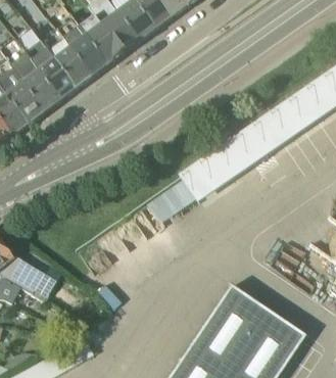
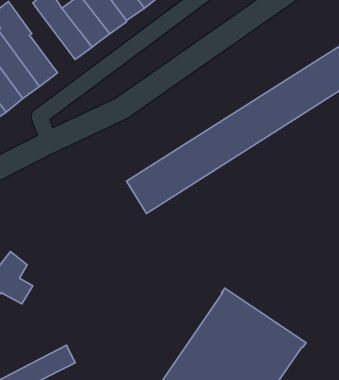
building: [50,43,92,89] -> none

